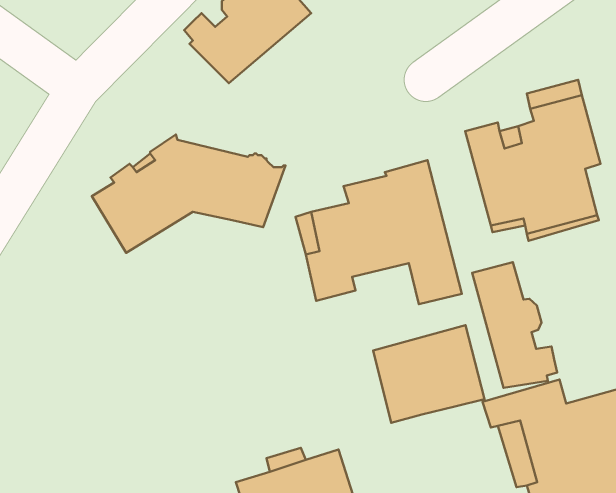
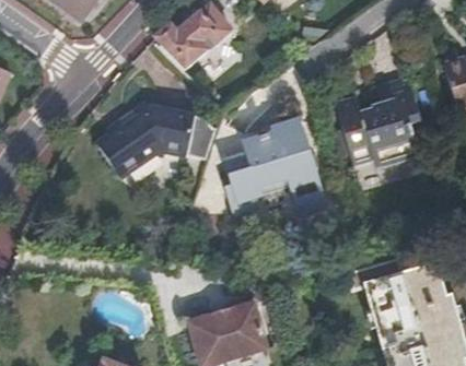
building: [472,262,557,388] -> none
building: [373,325,484,423] -> none

